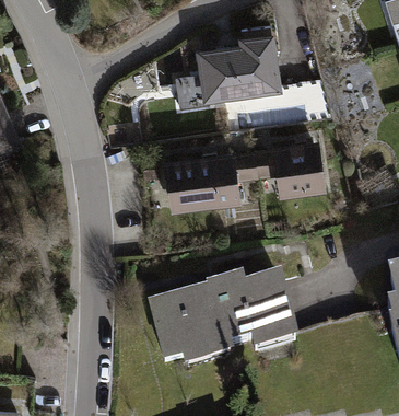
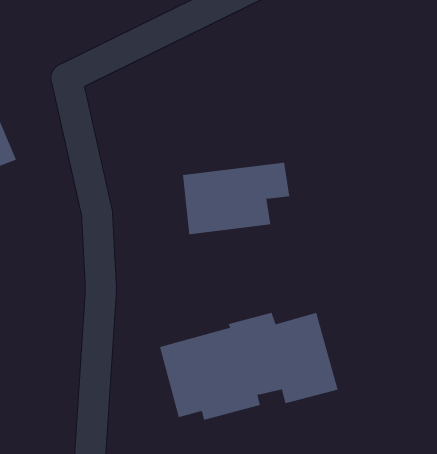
building: [174,30,281,107] -> none
building: [253,137,325,194] -> none

